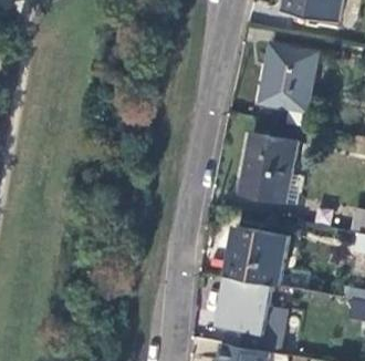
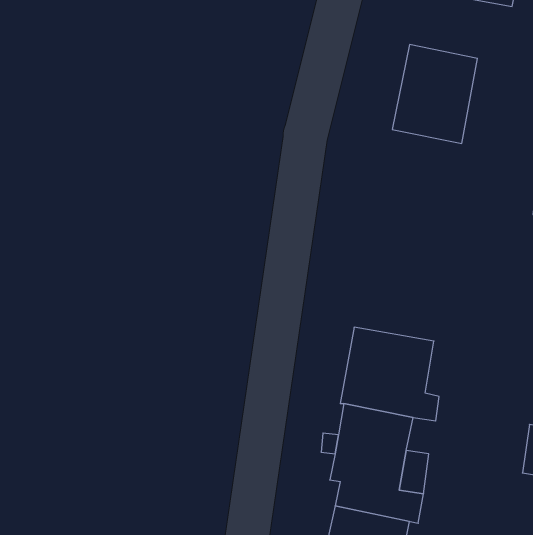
building: [239,134,294,200] -> none

